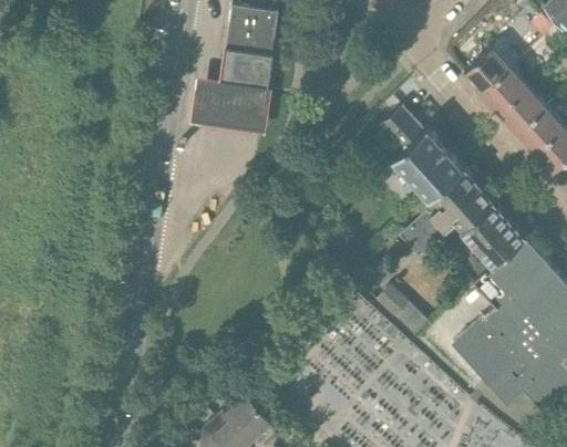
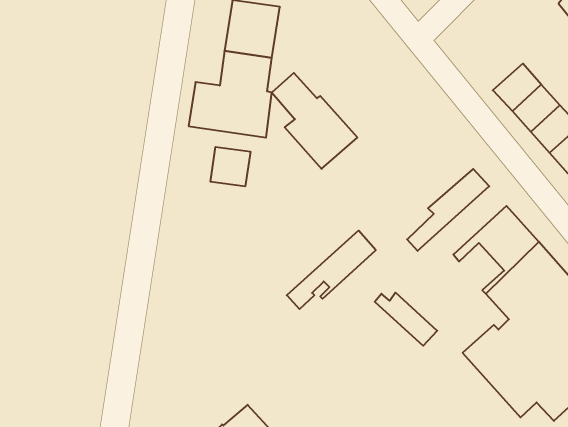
building: [463,48,509,93] -> none
building: [380,106,462,198] -> [272,73,357,169]
building: none -> [210,147,250,186]
building: [409,185,494,260] -> [287,231,376,309]

